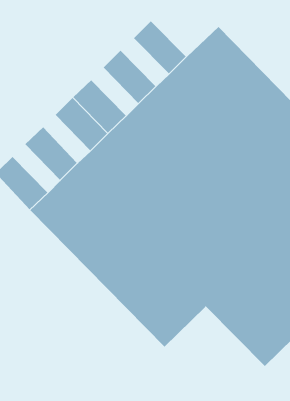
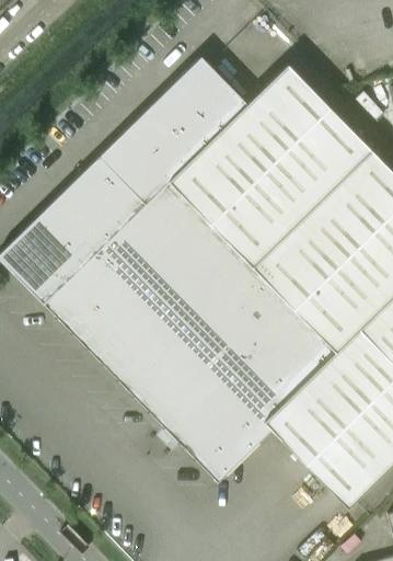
building: none -> [162,80,224,142]
building: none -> [124,118,185,181]
building: none -> [61,180,123,242]
building: none -> [22,218,83,280]

